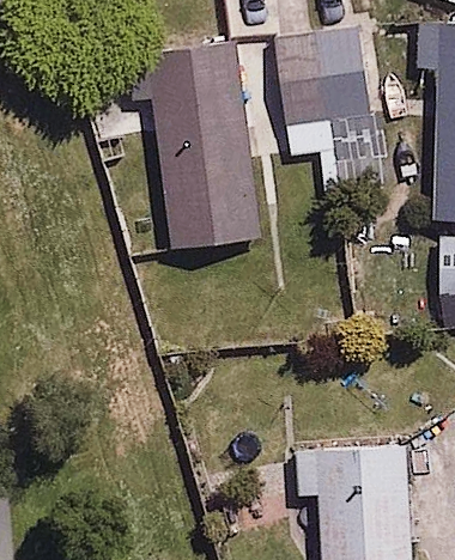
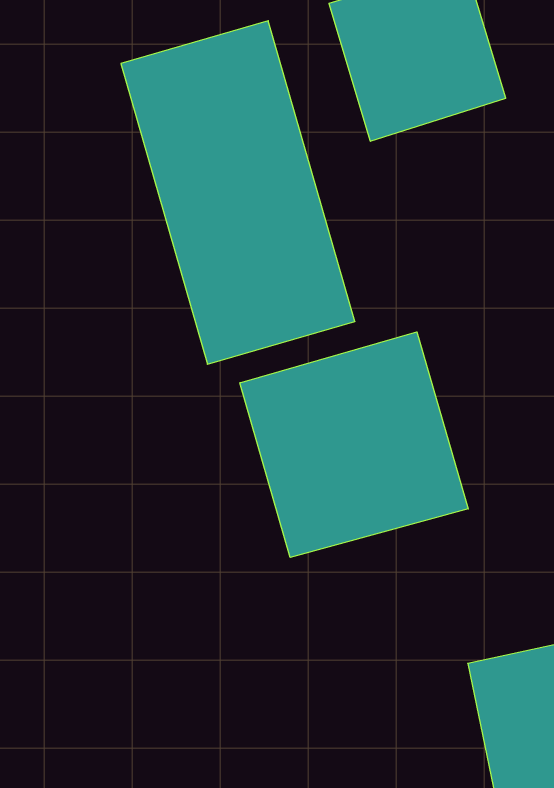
building: none -> [240,332,468,557]

